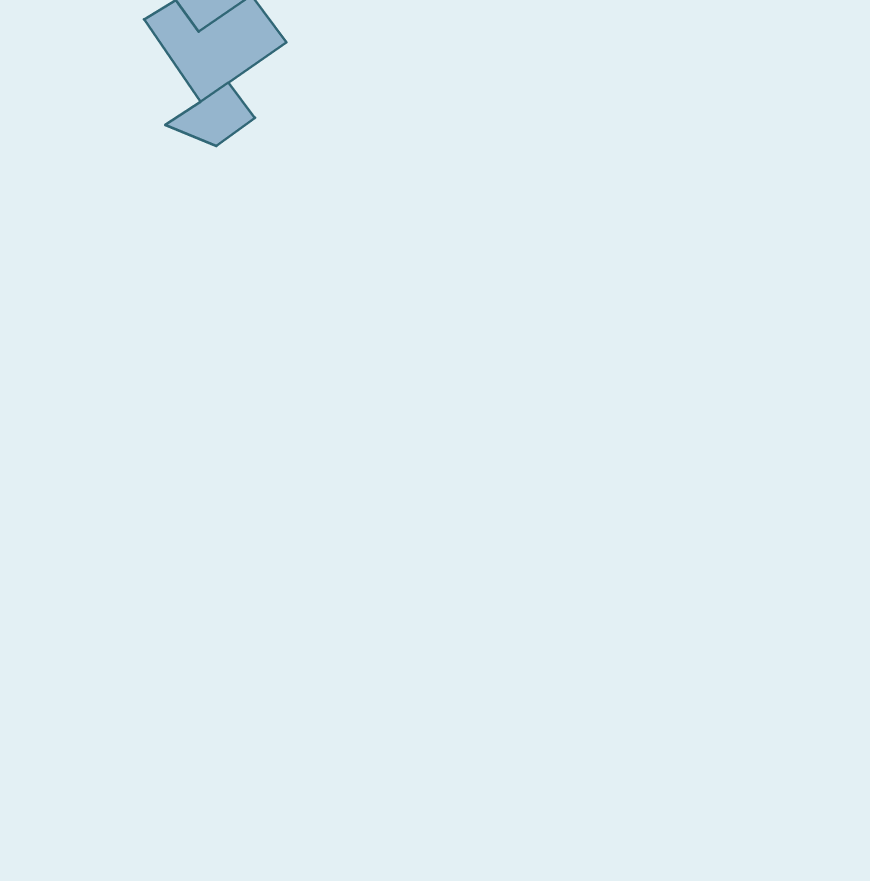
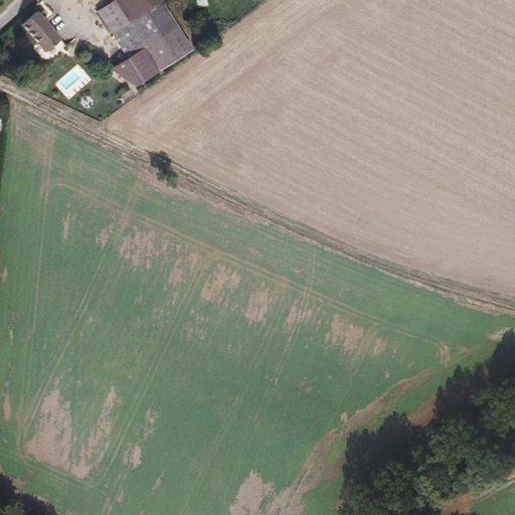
building: none -> [20,12,63,60]
building: none -> [147,24,194,67]

